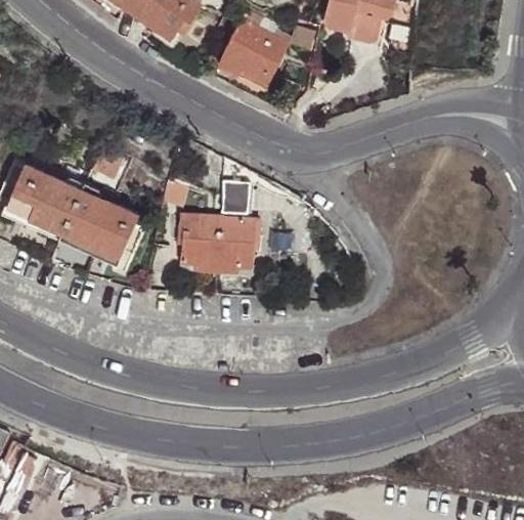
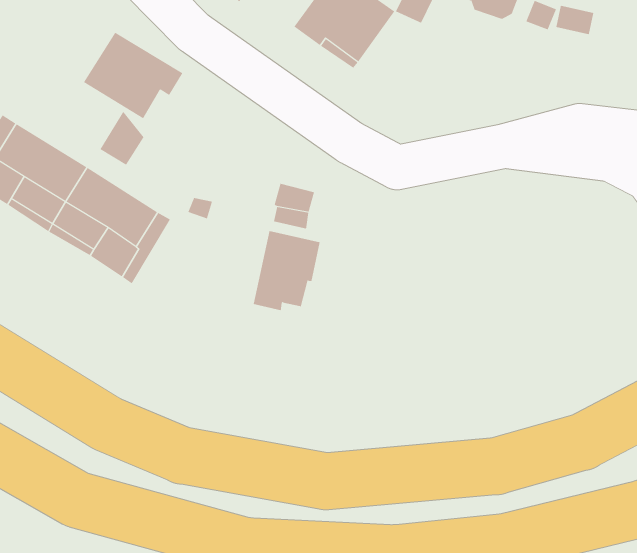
building: none -> [83,32,183,119]
building: [179,212,220,270] -> none

